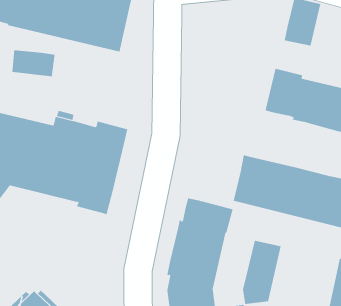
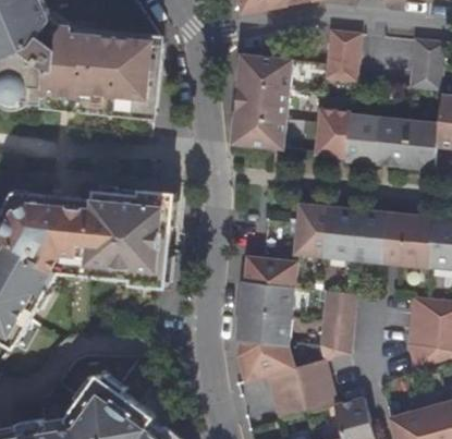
building: none -> [231,54,291,148]
building: [12,49,55,77] -> none

